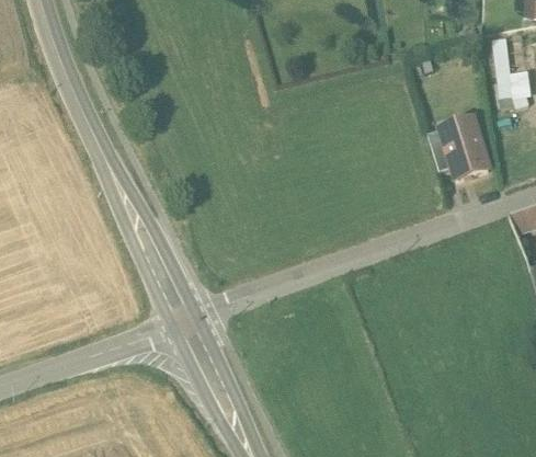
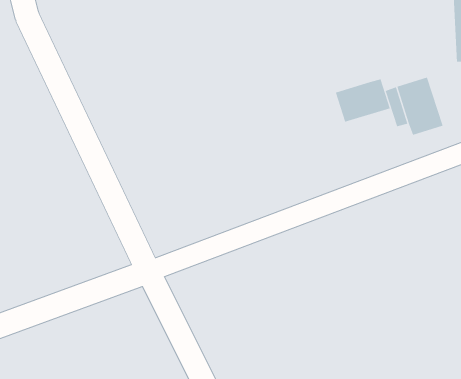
building: none -> [335,78,391,123]

